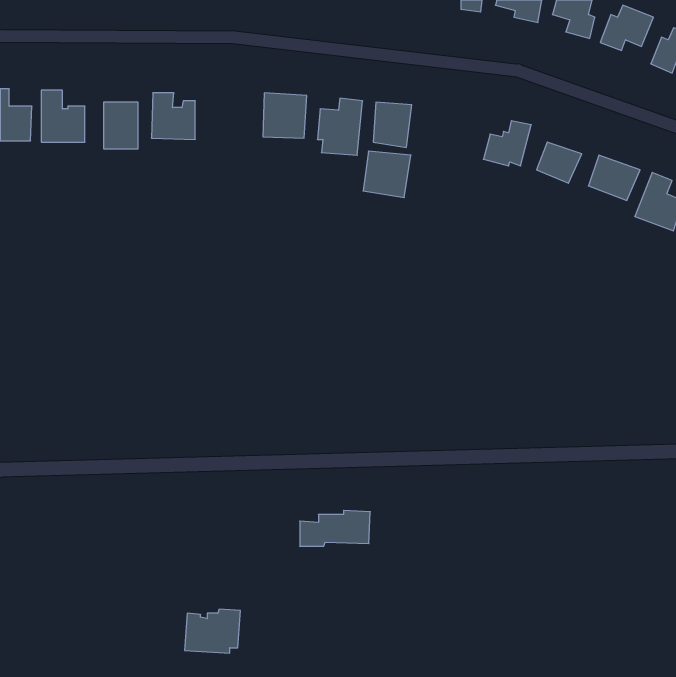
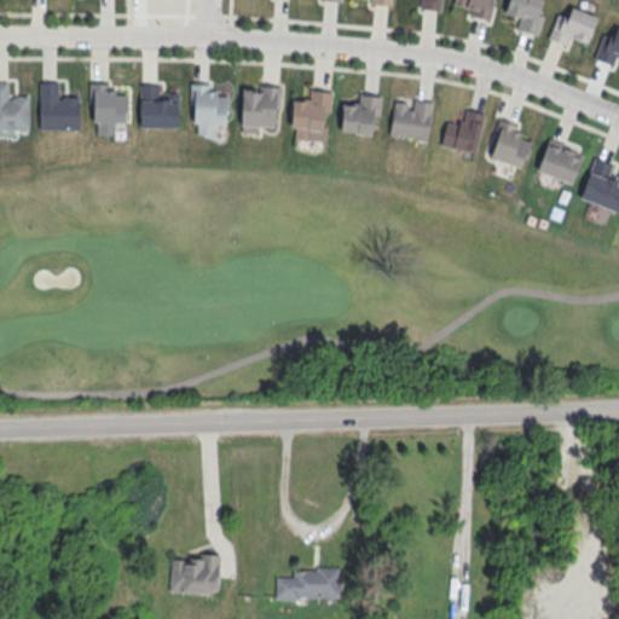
building: none -> [191,85,230,135]
building: [363,151,411,198] -> [391,99,434,141]
building: [300,510,370,546] -> [277,568,341,601]

